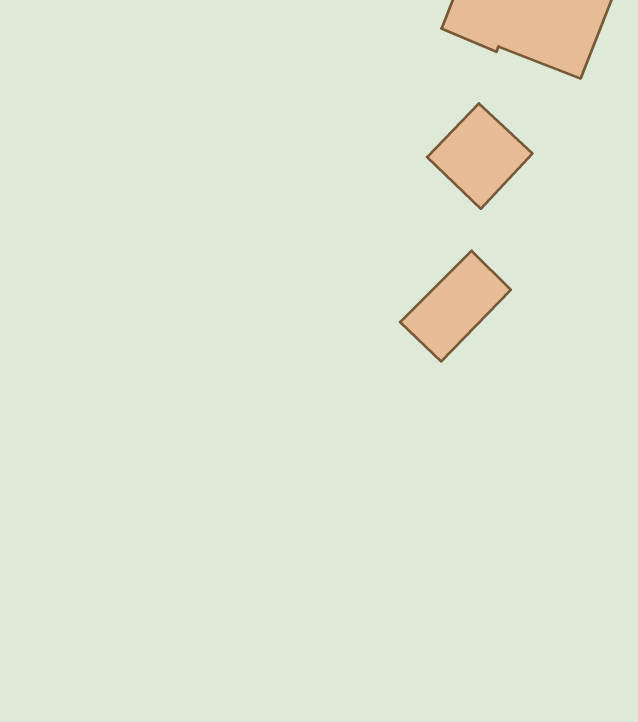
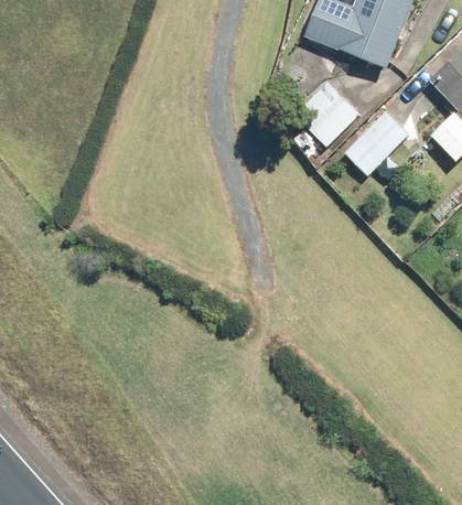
building: [400,251,511,361] -> [341,109,409,178]

